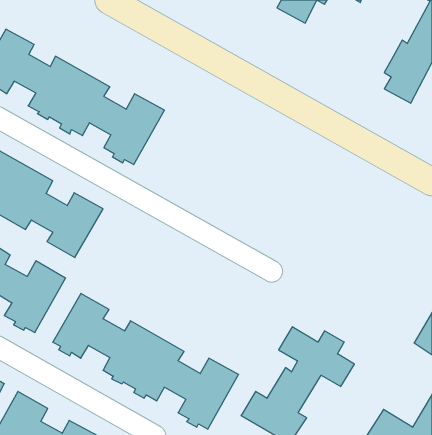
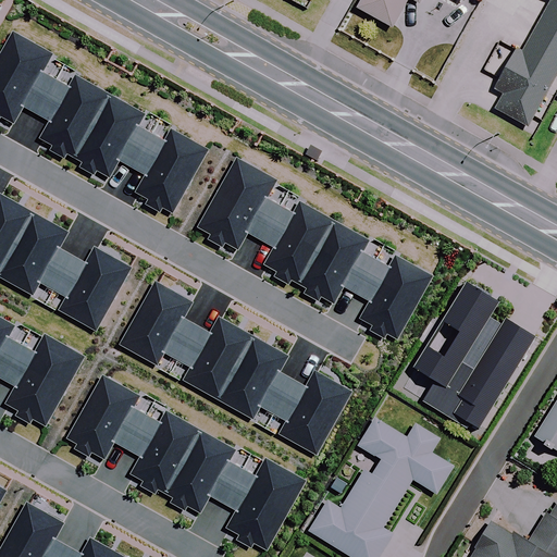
building: none -> [199,157,434,338]
building: none -> [414,278,536,431]
building: none -> [119,281,351,453]

